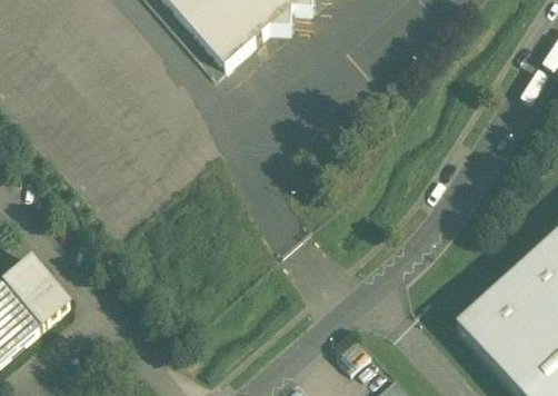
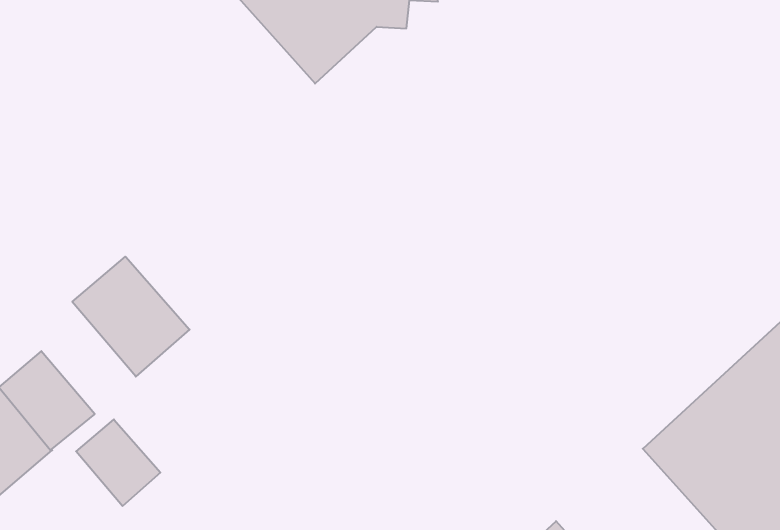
building: none -> [72,257,190,377]
building: none -> [76,419,160,506]

